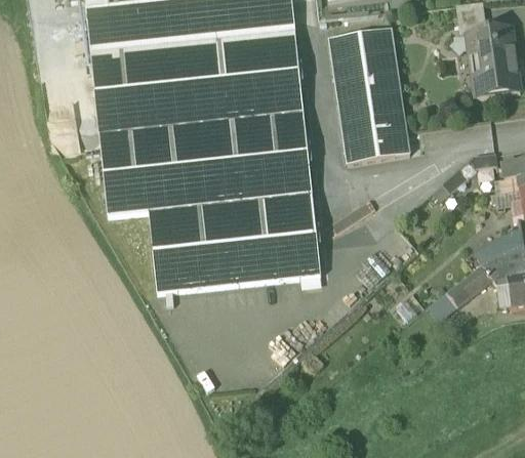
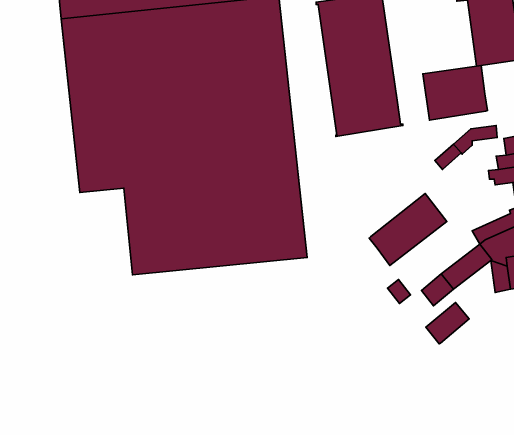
building: none -> [423,65,487,120]
building: none -> [369,193,447,265]
building: none -> [426,302,469,344]

